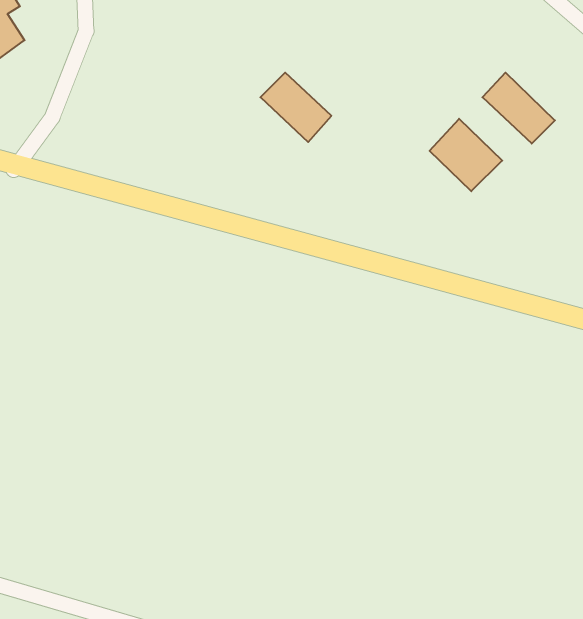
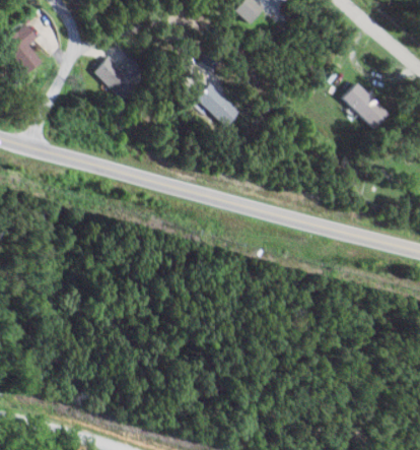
building: none -> [93,55,144,98]
building: [430,119,502,191] -> none

